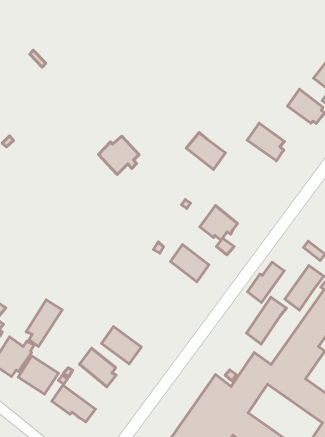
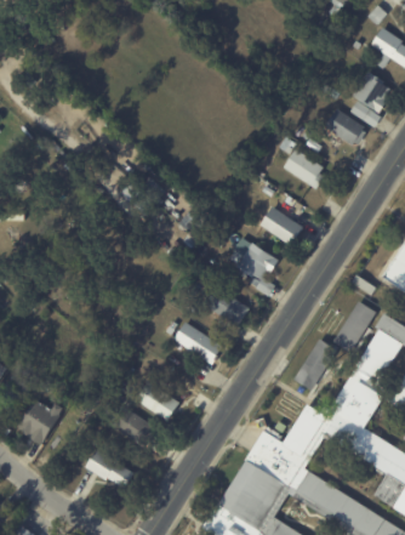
building: [186,132,225,170] -> [259,207,303,247]
building: [247,262,284,303] -> none
building: none -> [173,323,222,365]
building: [26,300,62,346] -> none
building: [18,356,58,394] -> none

